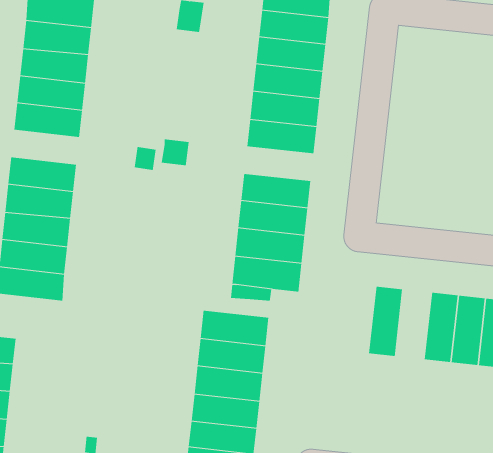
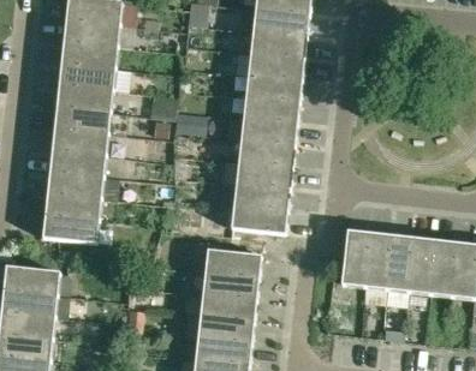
building: none -> [54,104,109,132]
building: none -> [240,118,297,145]
building: none -> [362,232,391,288]

